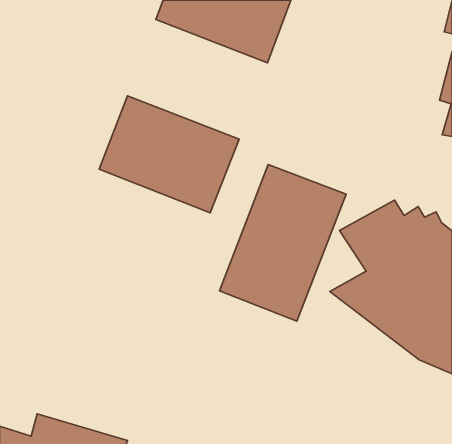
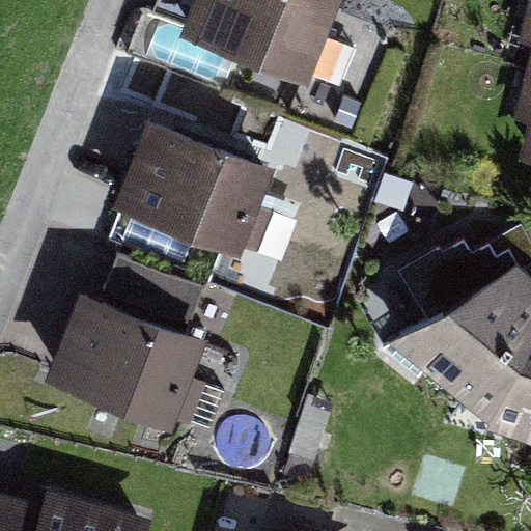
building: [220,165,346,321] -> none
building: none -> [51,268,219,429]

